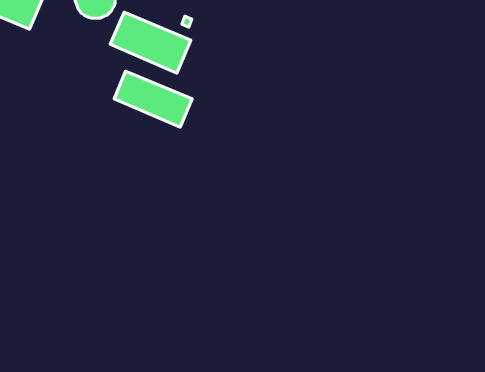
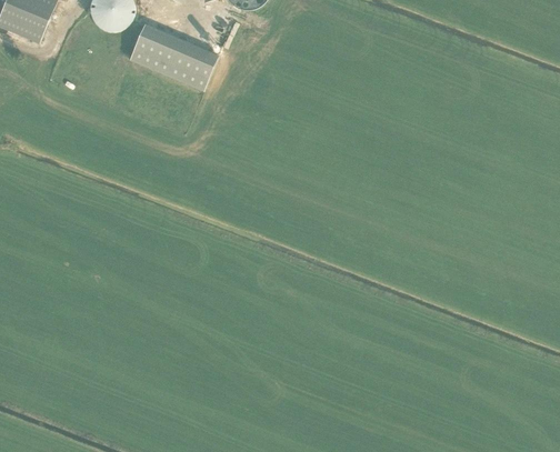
building: [114,71,192,127] -> none

